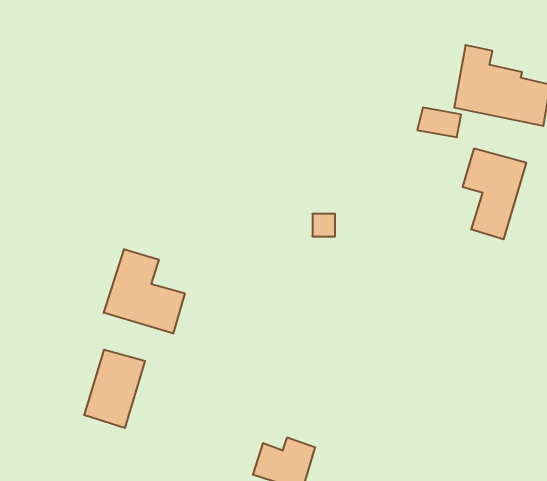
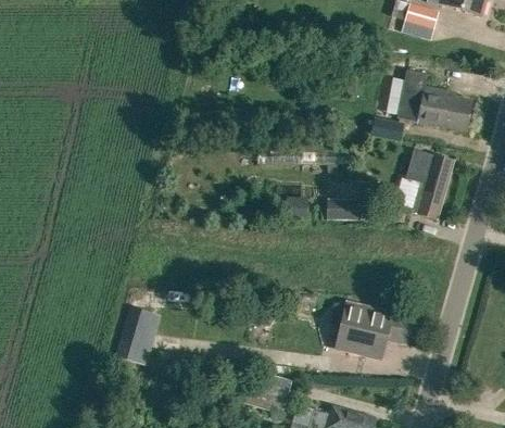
building: none -> [326,197,357,218]
building: [104,249,185,334] -> none
building: none -> [336,304,411,358]

